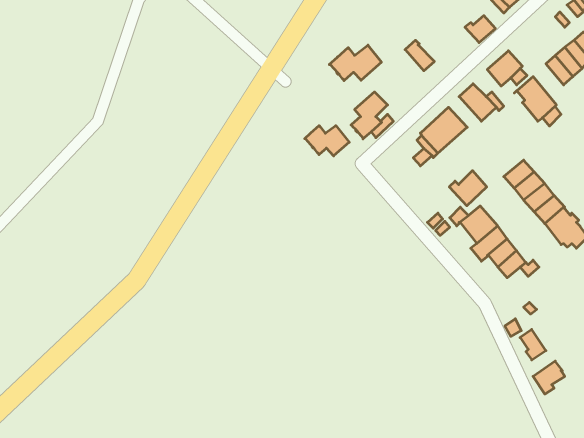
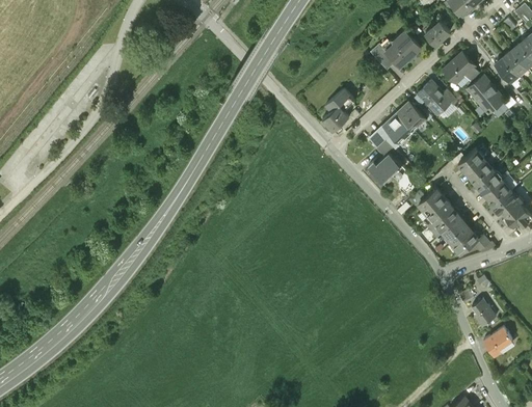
building: none -> [382,30,422,65]
building: [329,45,381,81] -> none
building: [305,126,349,156] -> none
building: [449,171,487,206] -> [369,152,402,183]

